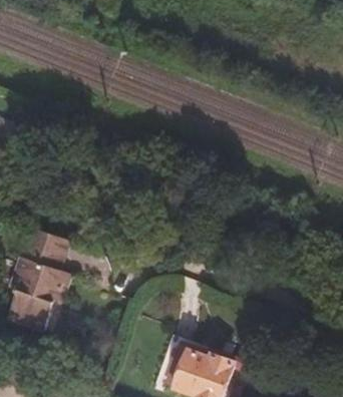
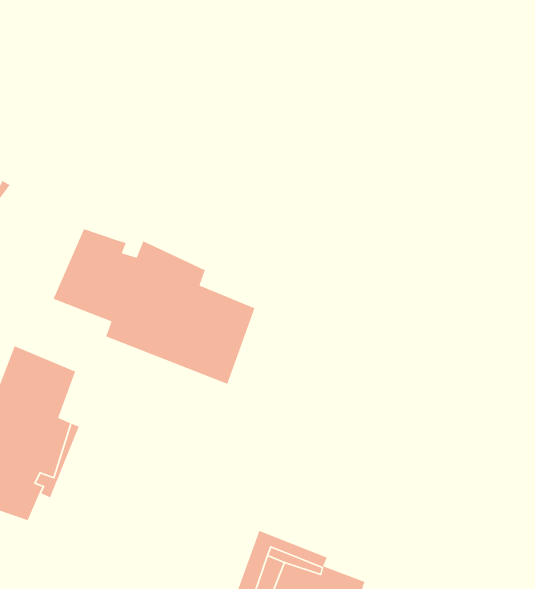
building: none -> [52,228,256,385]

